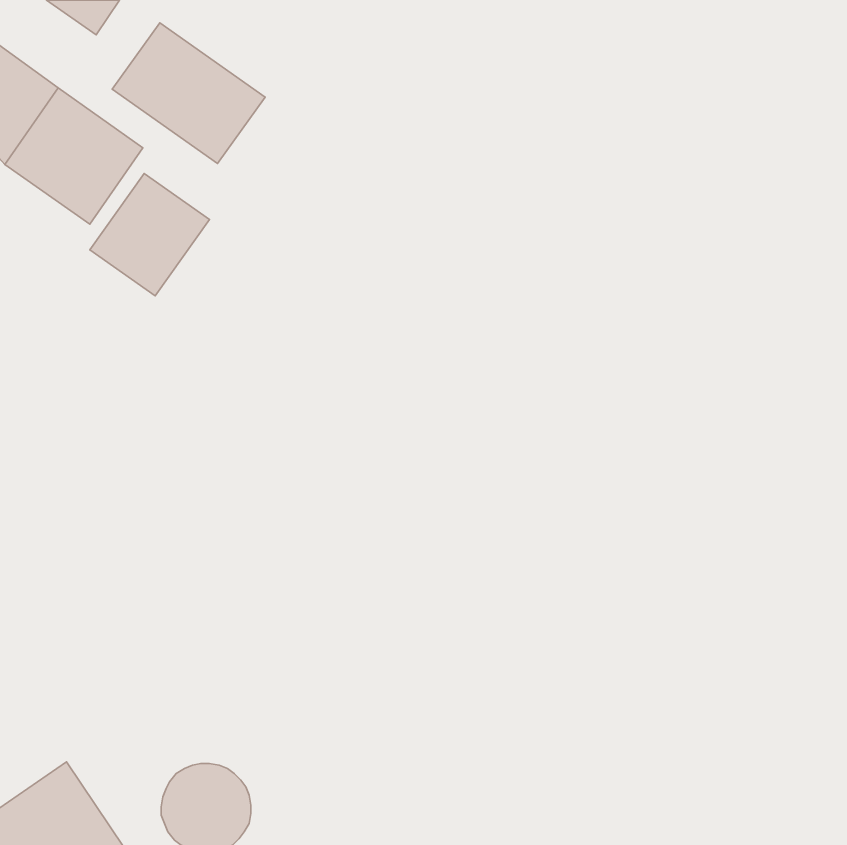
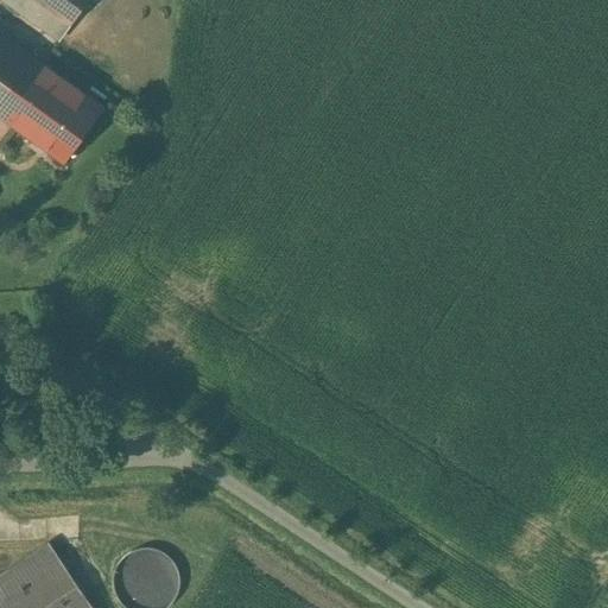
building: [112,23,265,163] -> none
building: [90,173,210,296] -> none

